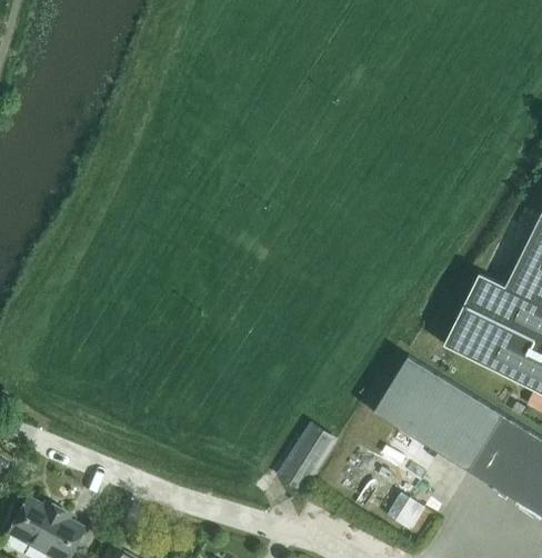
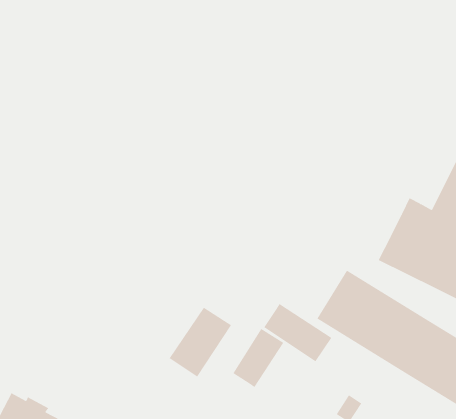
building: none -> [264,303,332,362]
building: none -> [169,307,232,378]

